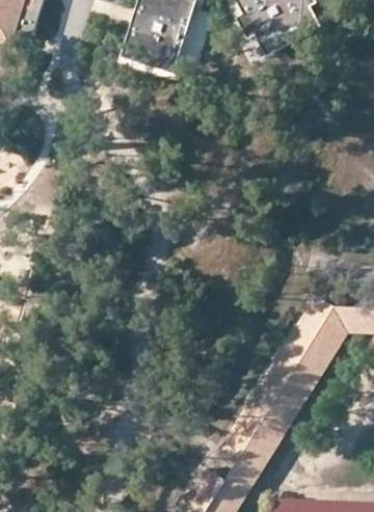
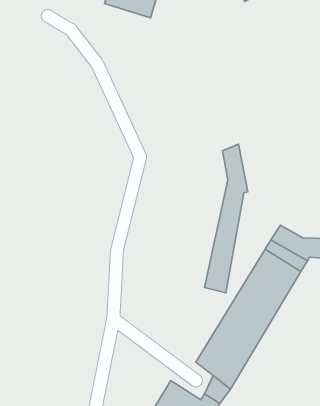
building: none -> [204,144,248,293]

